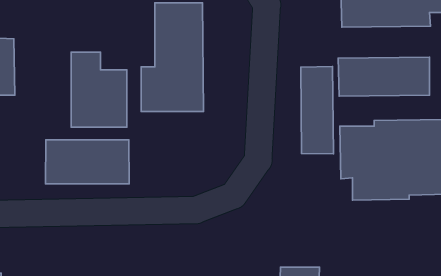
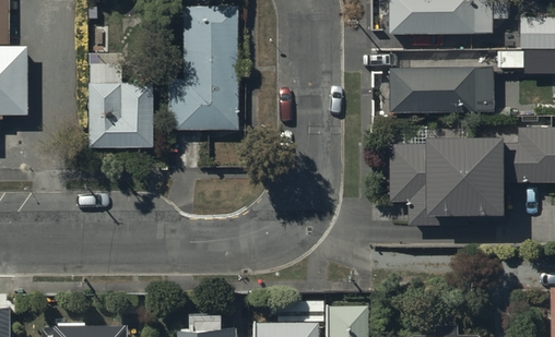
building: [301,67,334,154] -> none
building: [45,140,129,184] -> none

